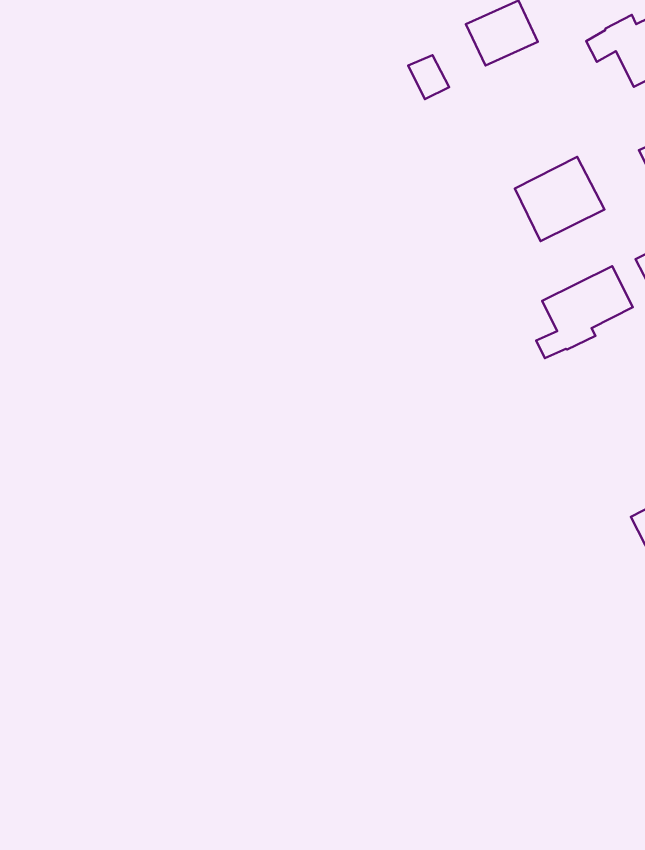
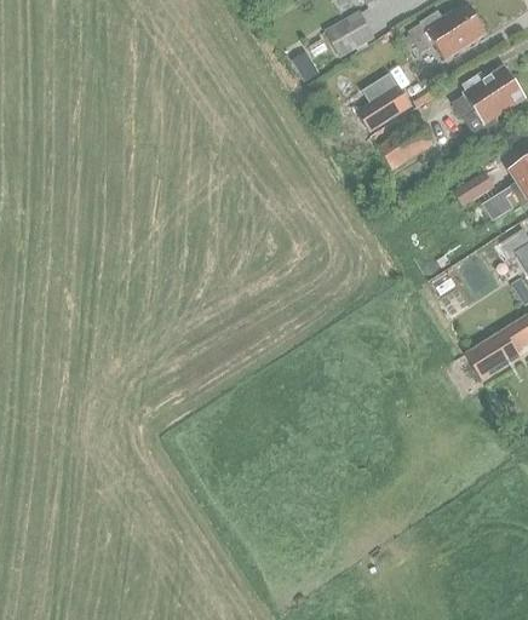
building: none -> [356,71,412,131]
building: [536,266,633,358] -> none

